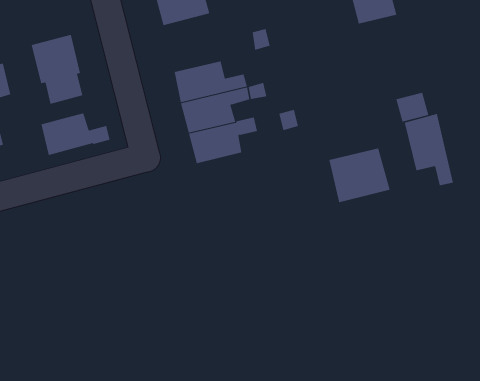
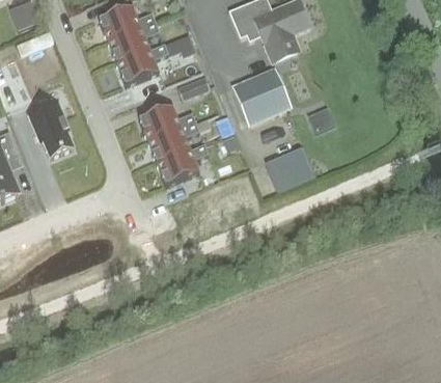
building: none -> [233,70,290,121]
building: [41,113,110,156] -> none
building: [404,113,454,186] -> none

